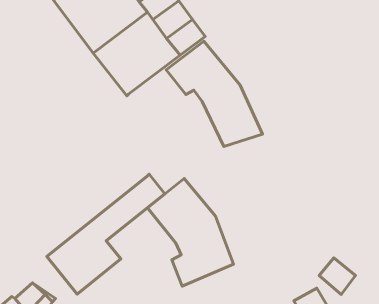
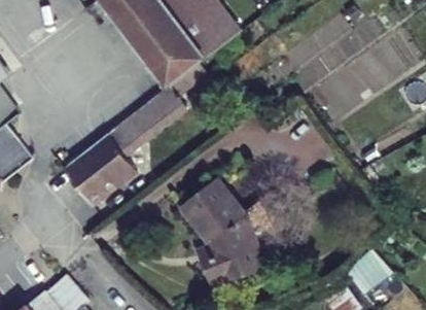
building: [166,41,263,147] -> none
building: [47,174,165,294] -> [59,94,175,212]

